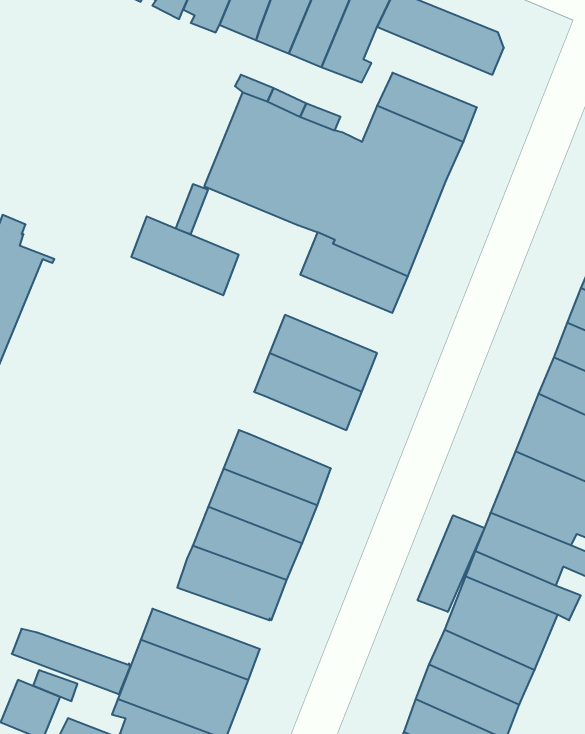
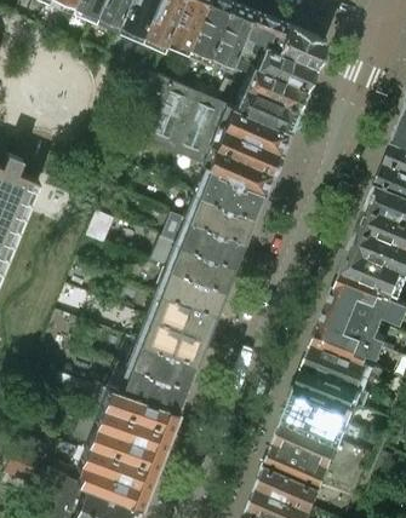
building: none -> [233,36,314,87]
building: [131,216,239,295] -> [183,192,251,242]
building: none -> [154,266,222,315]
building: [418,515,484,612] -> none
building: [12,629,131,694] -> [99,387,175,428]

